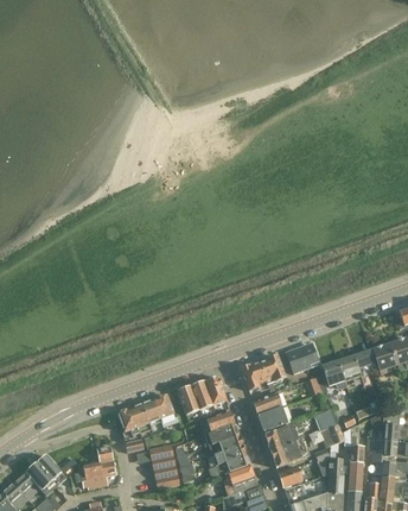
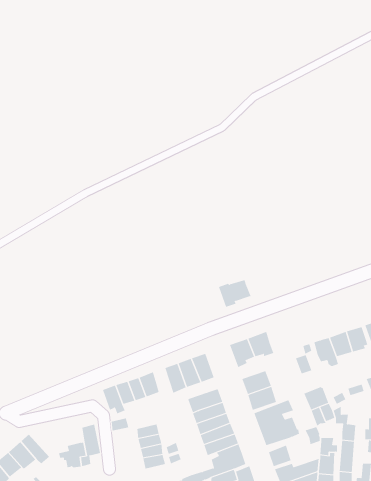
building: [286,346,319,373] -> [218,279,252,307]

